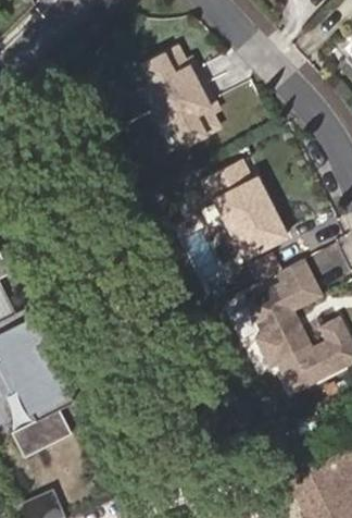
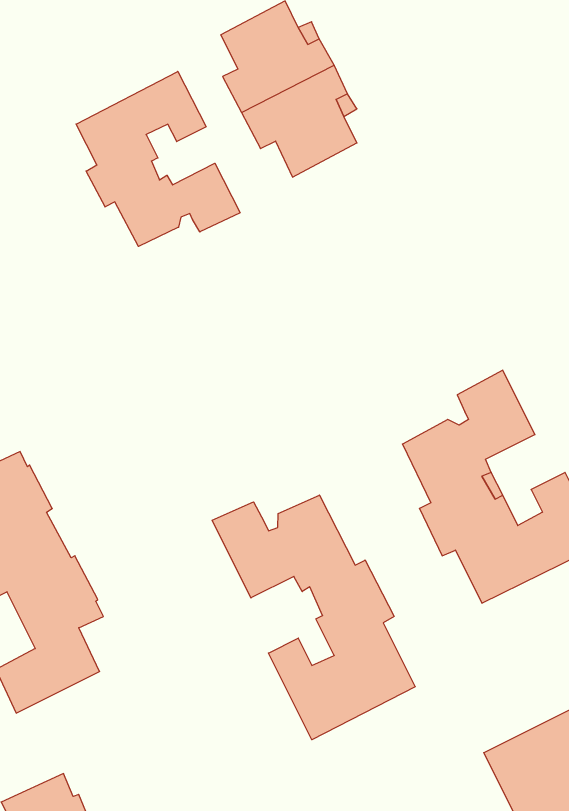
building: none -> [76,71,240,246]
building: [203,160,288,260] -> none
building: none -> [212,495,415,740]

